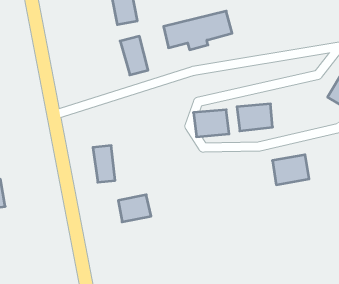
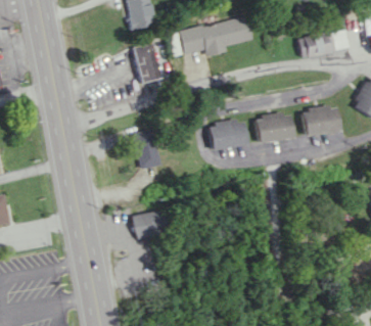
building: none -> [297,29,350,58]
building: [93,146,115,182] -> [135,129,158,168]
building: [272,155,309,185] -> [303,104,341,136]

